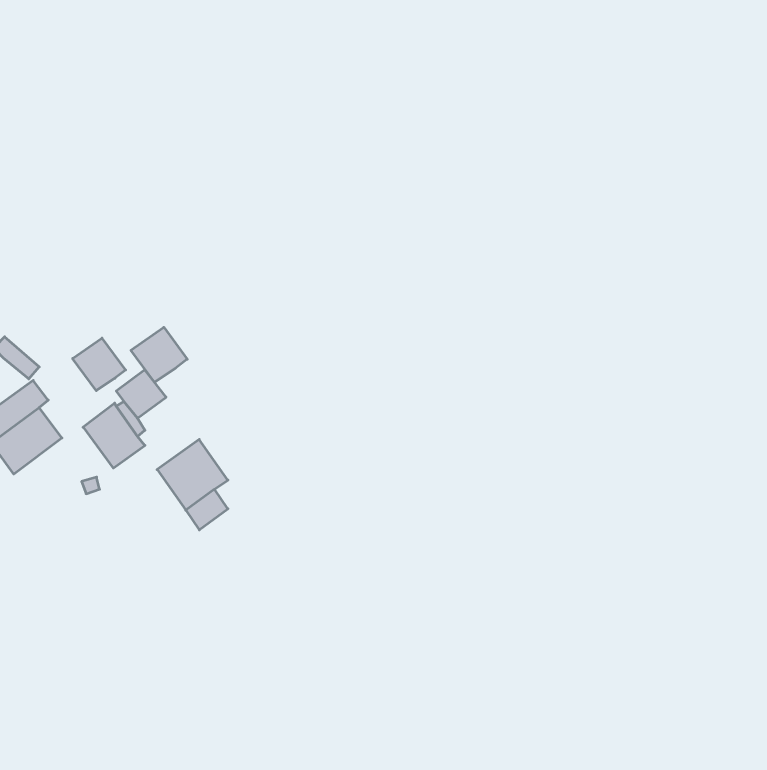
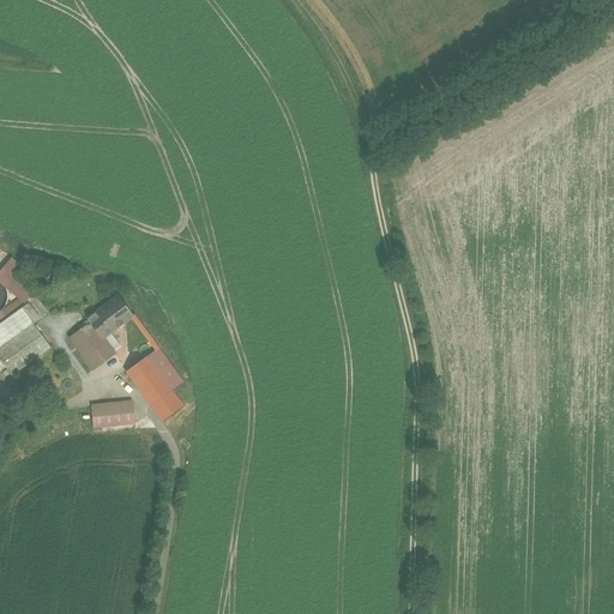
building: [131,327,187,382] -> none
building: [73,338,126,391] -> none
building: none -> [89,401,132,428]

